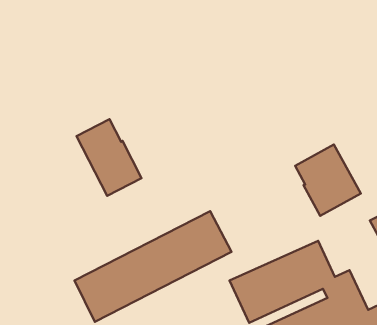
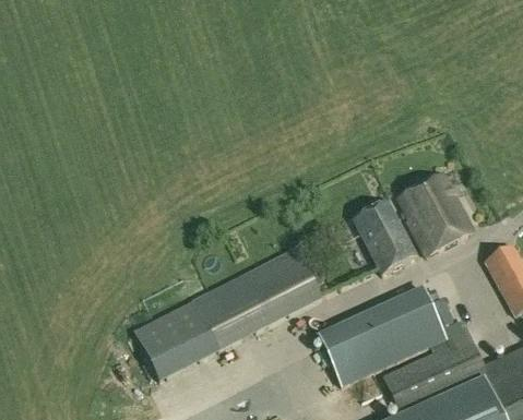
building: [77,119,142,196] -> none
building: none -> [354,201,417,273]

